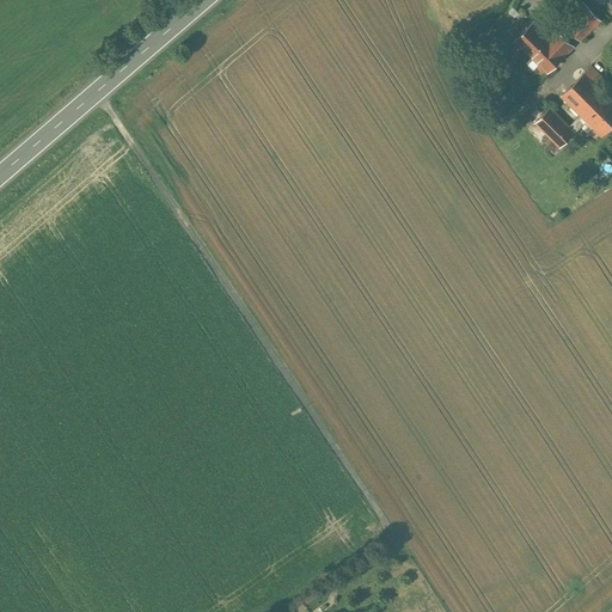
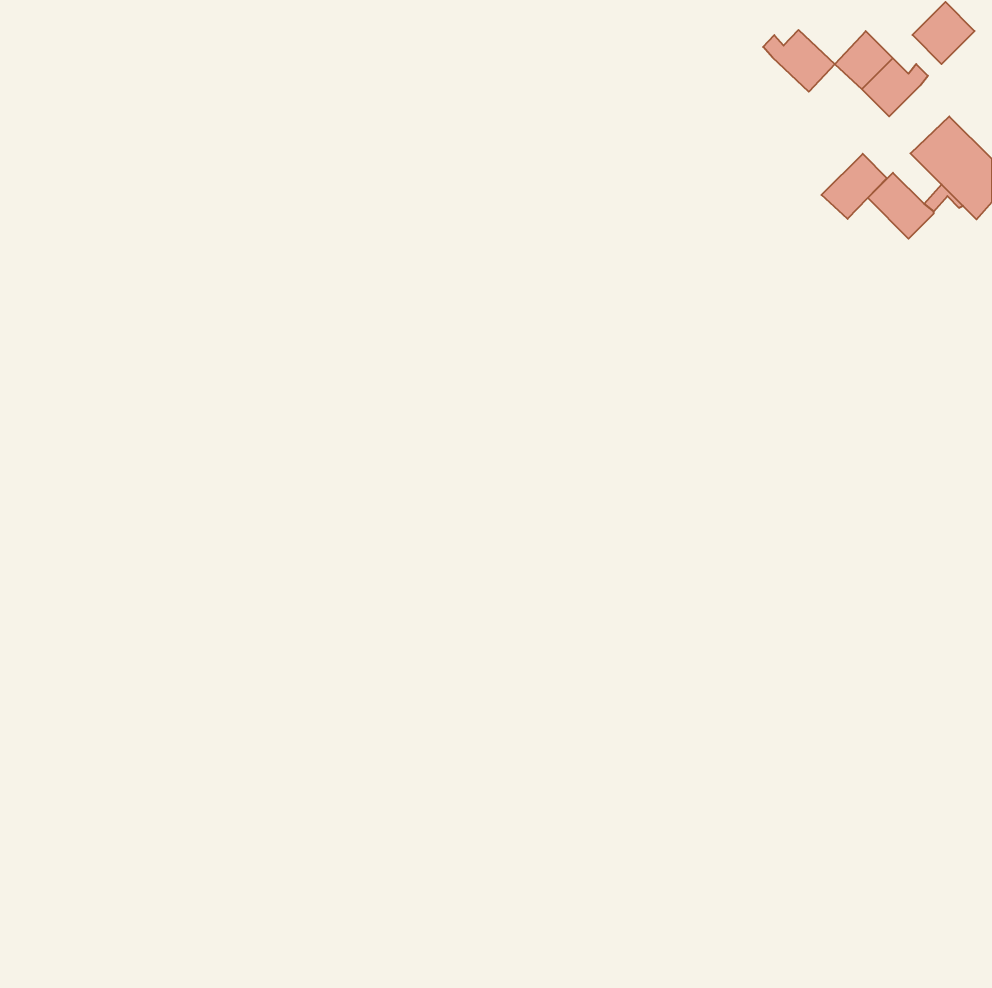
building: none -> [763,30,835,92]
building: none -> [821,154,887,219]

